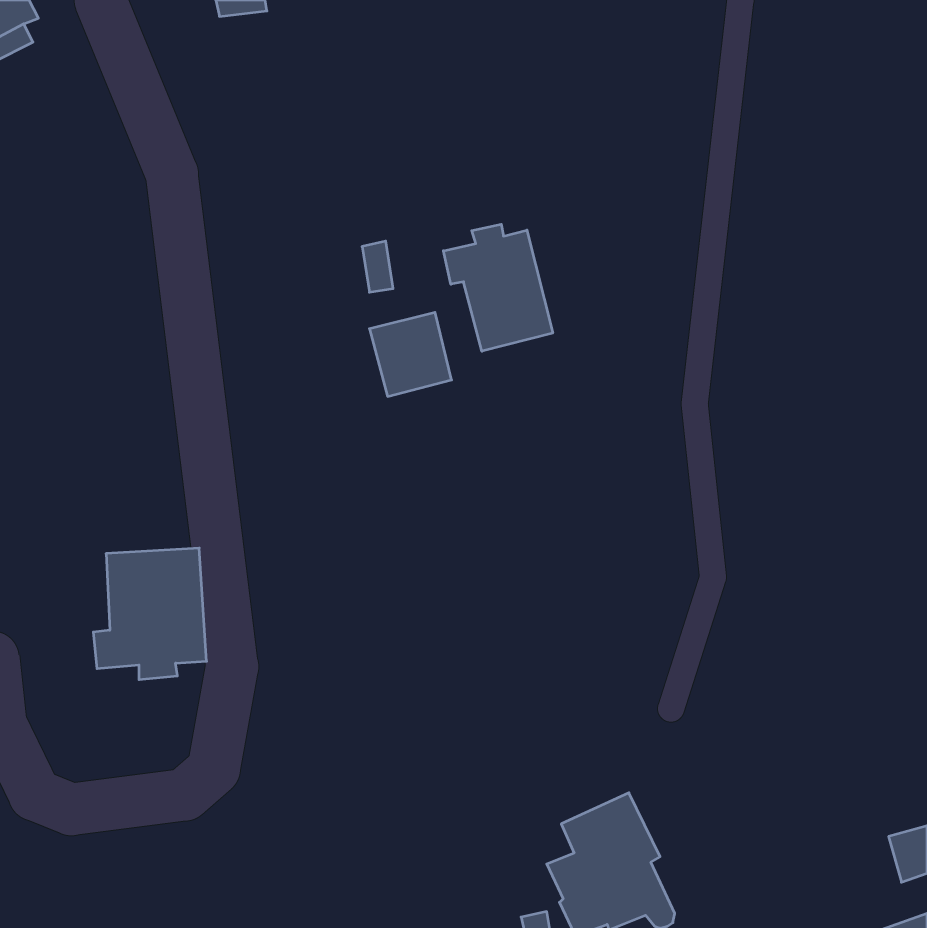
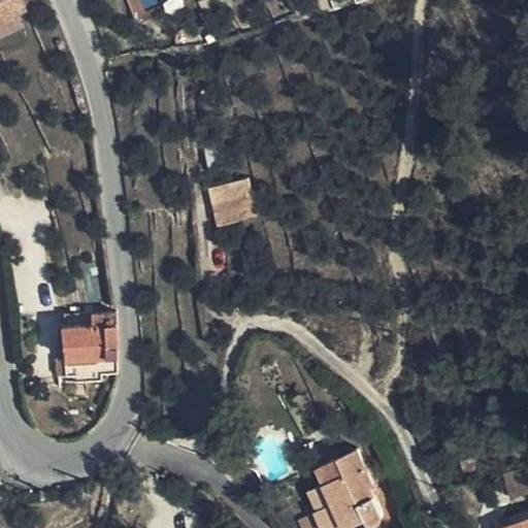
building: [443,224,553,351] -> none

